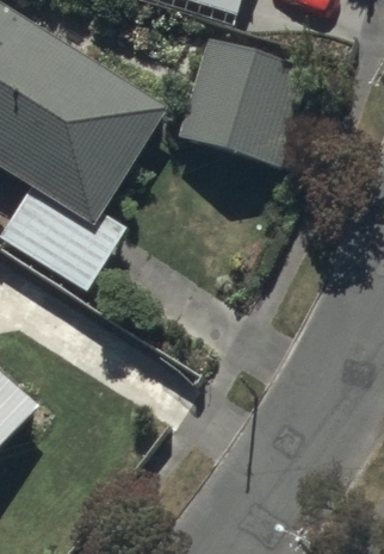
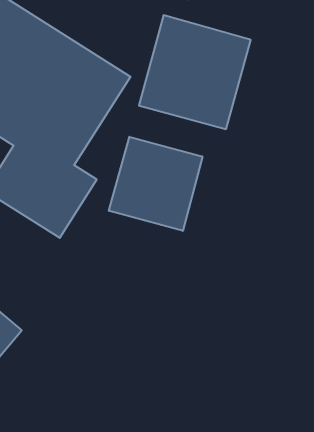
building: none -> [109,137,202,231]

